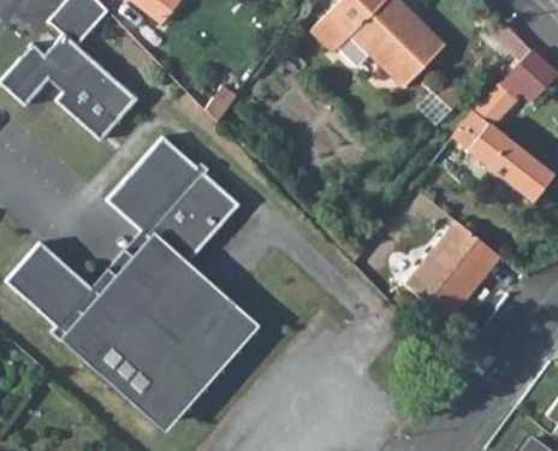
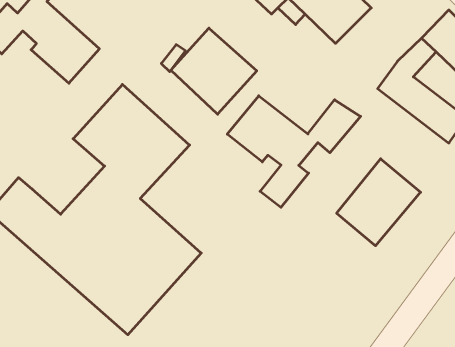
building: none -> [171,28,257,114]
building: none -> [227,96,361,207]

